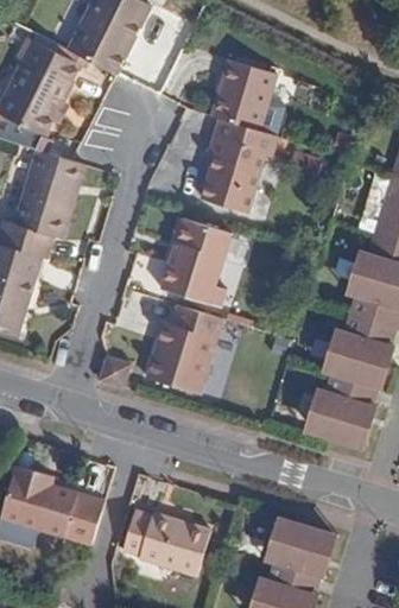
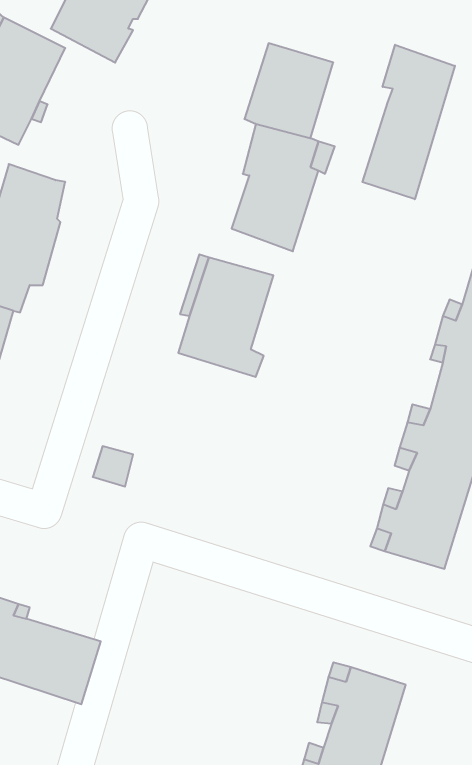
building: none -> [362,45,455,199]
building: [145,304,221,394] -> none
building: [121,511,211,576] -> none

